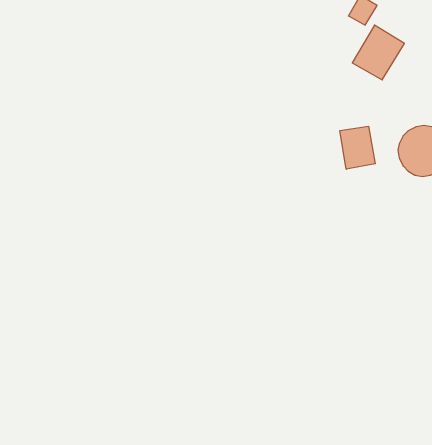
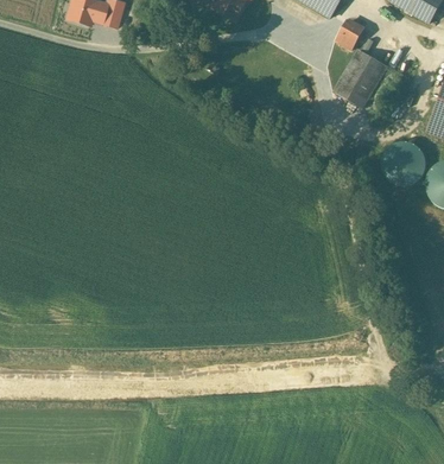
building: [340,126,375,169] -> none

